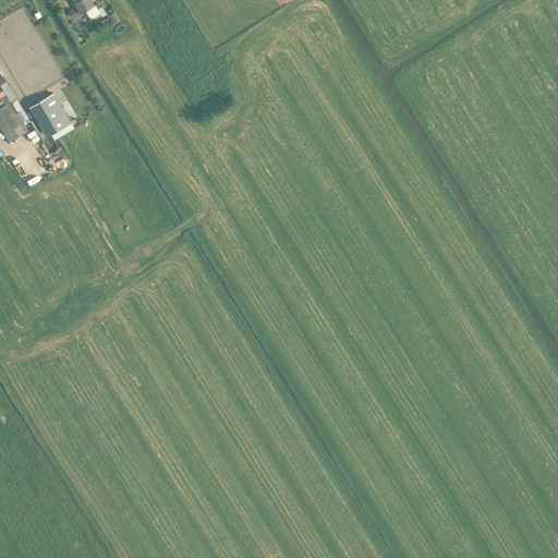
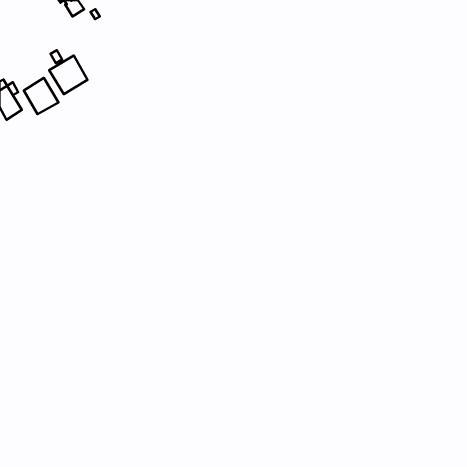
building: none -> [49,56,87,94]

